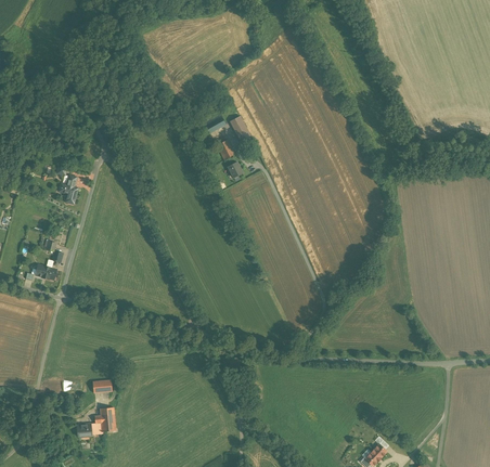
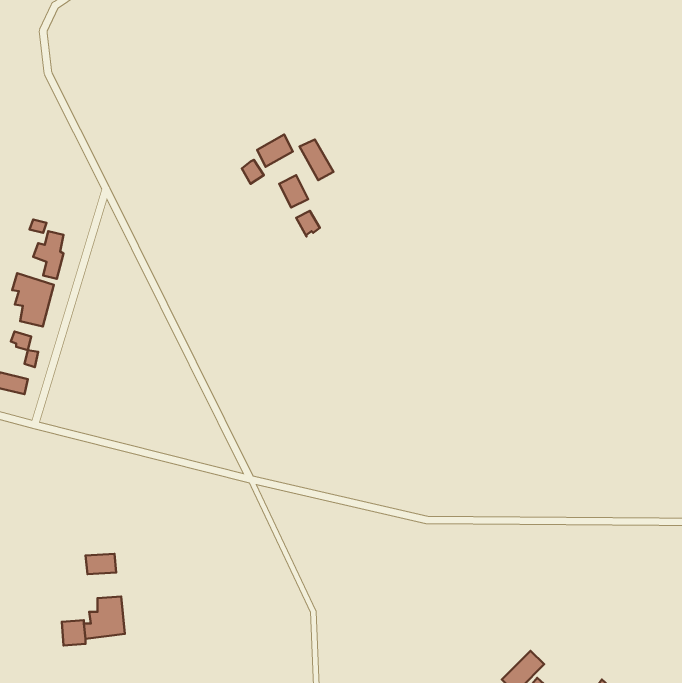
building: none -> [12,273,54,327]

